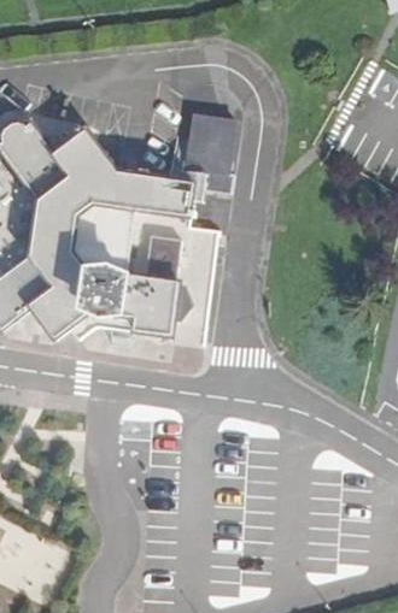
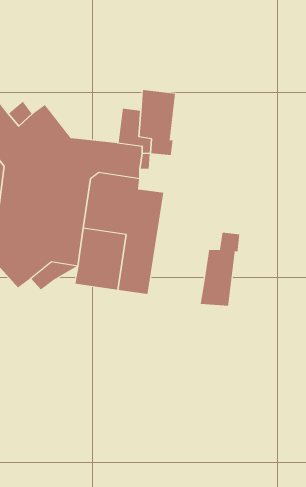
building: none -> [200,232,240,307]

